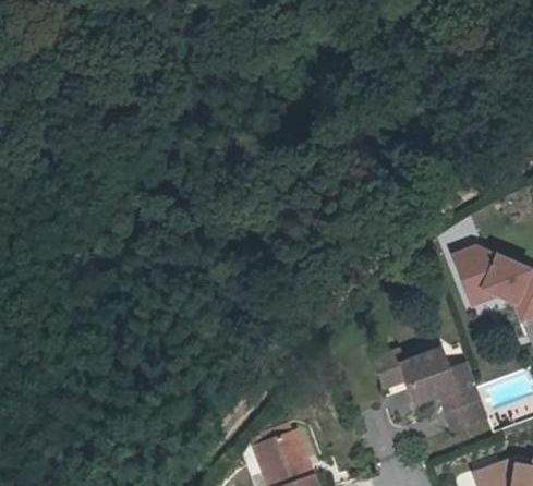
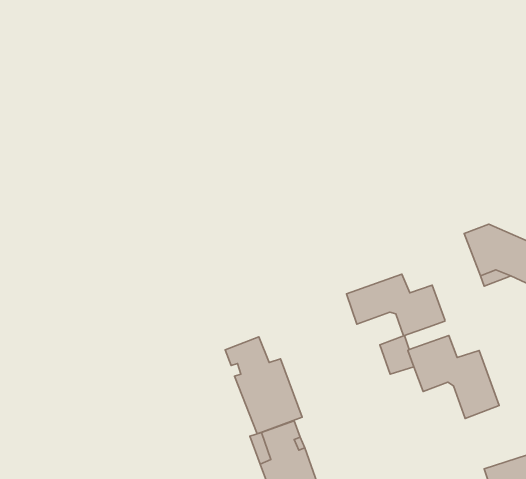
building: none -> [347,274,445,336]
building: none -> [225,337,302,434]

